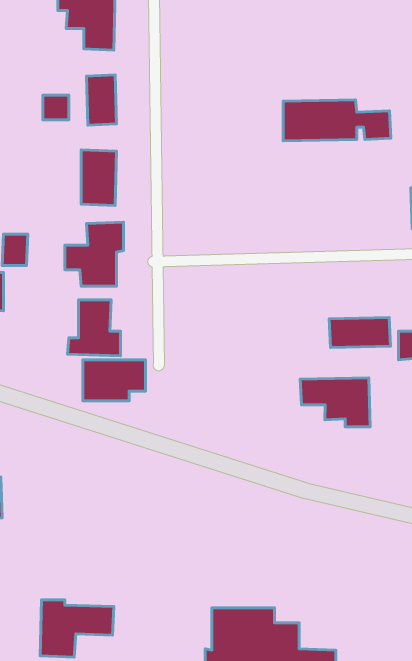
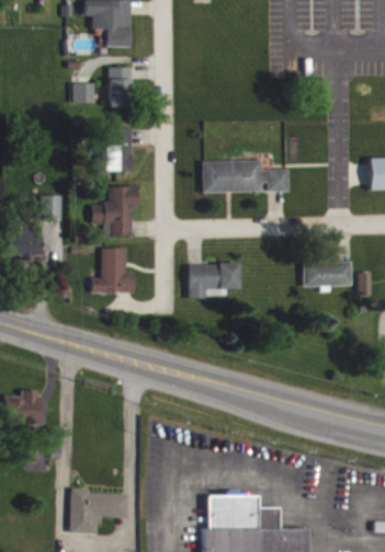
building: [283,100,391,141] -> [202,160,288,193]
building: [83,360,146,401] -> [189,264,239,297]
building: [300,378,370,427] -> none

